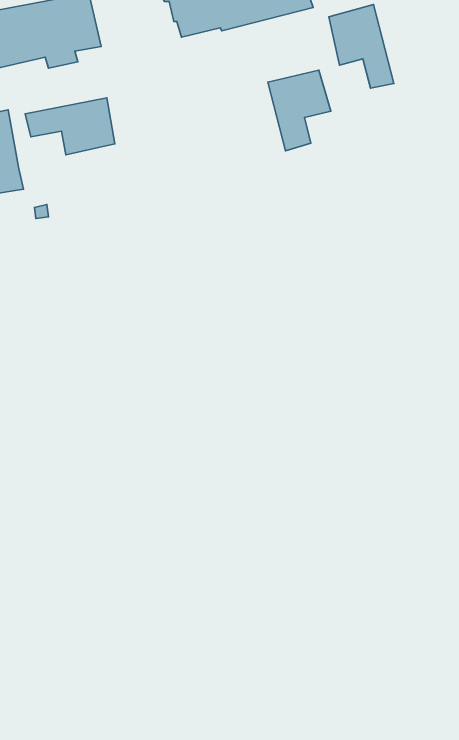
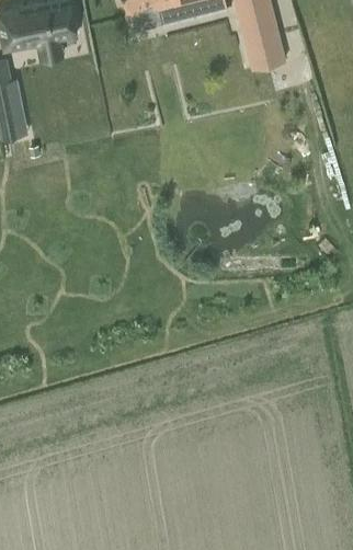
building: [268,70,331,151] -> none
building: [25,98,115,155] -> none

